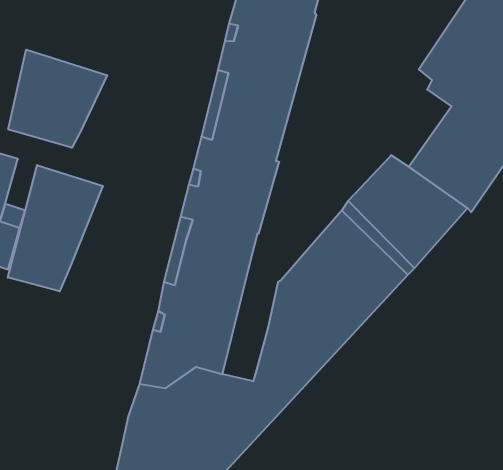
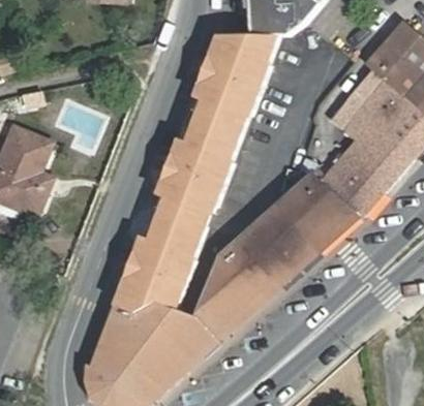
building: [8,50,107,148] -> none
building: [8,165,103,291] -> none

